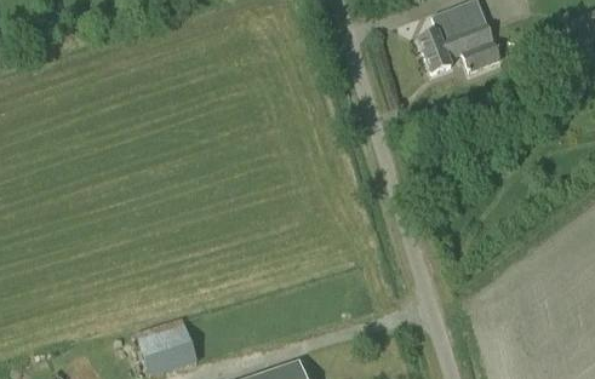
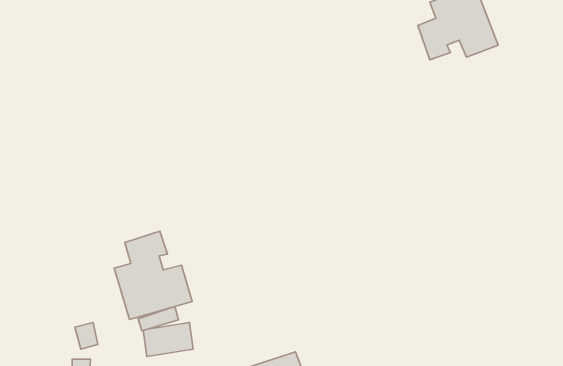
building: none -> [114,231,192,320]

